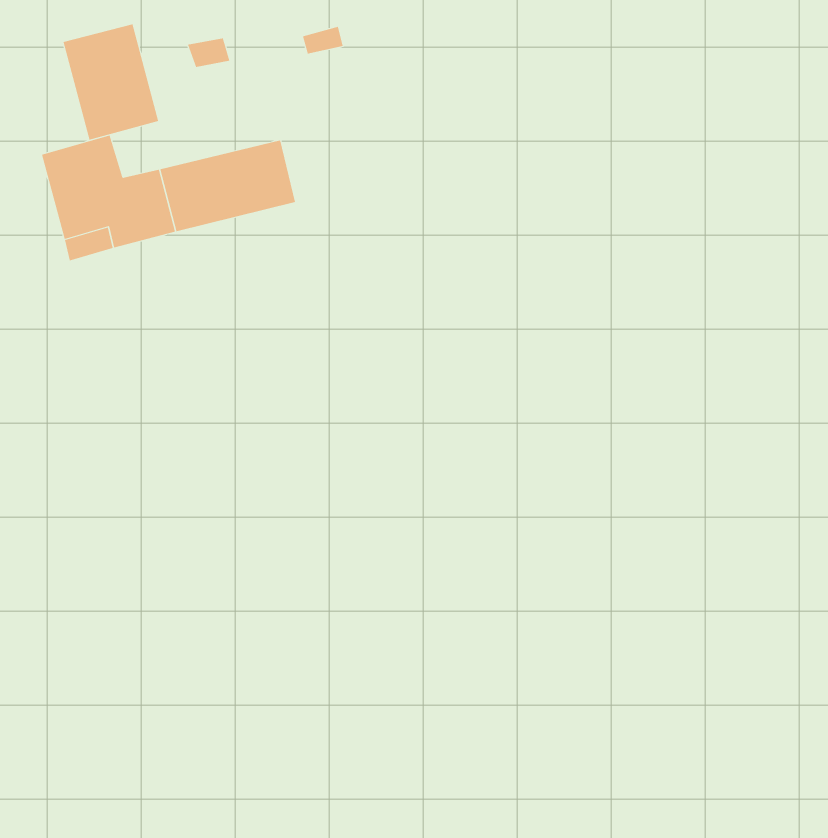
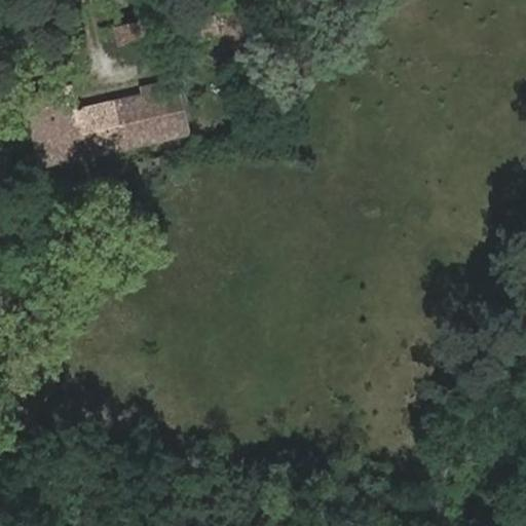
building: [63,24,159,140] -> none

